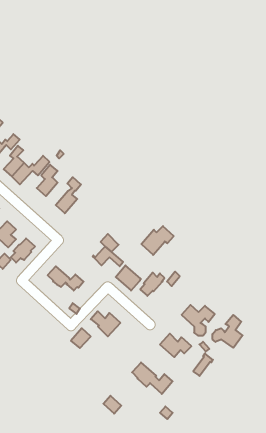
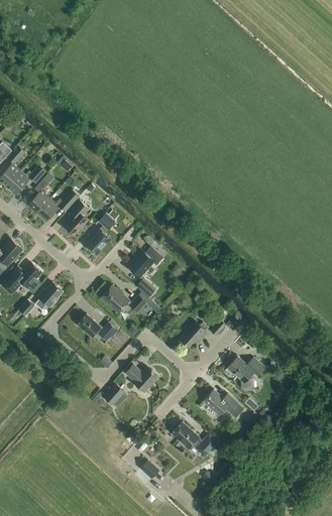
building: [141,226,174,255] -> [127,246,163,278]
building: [116,265,141,291] -> [101,284,129,312]
building: [212,315,243,348] -> none

